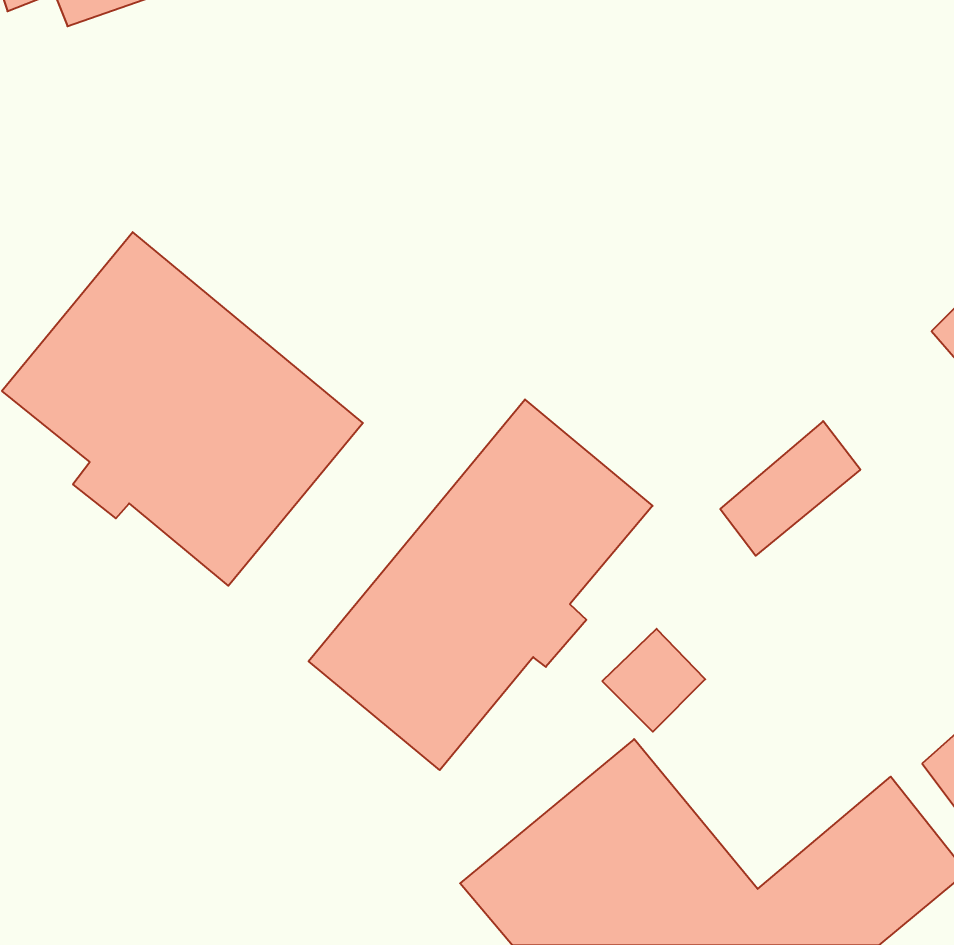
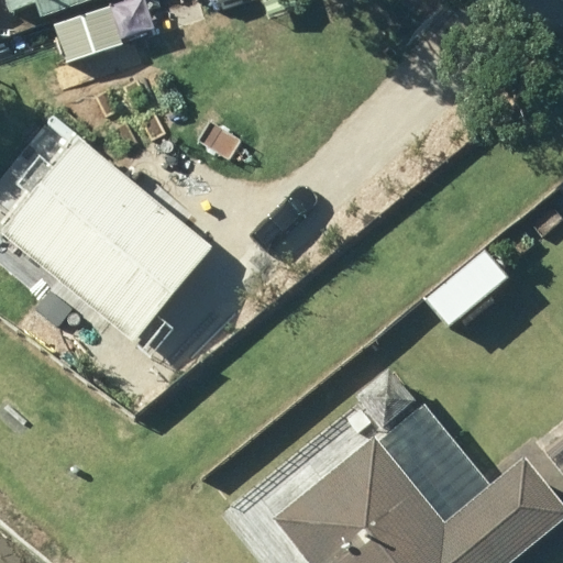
building: [309,399,653,770] -> none

